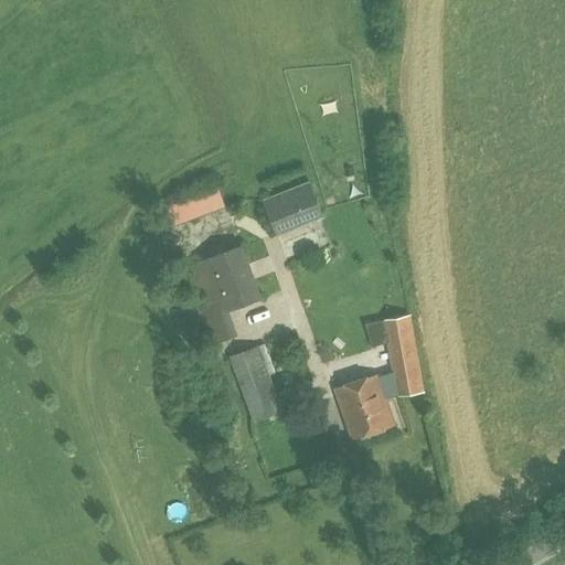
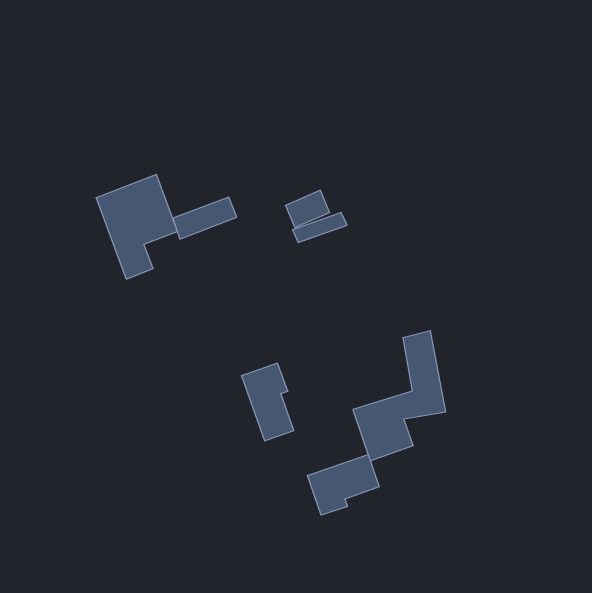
building: [183,245,260,344] -> [96,175,177,279]
building: none -> [307,455,379,515]

